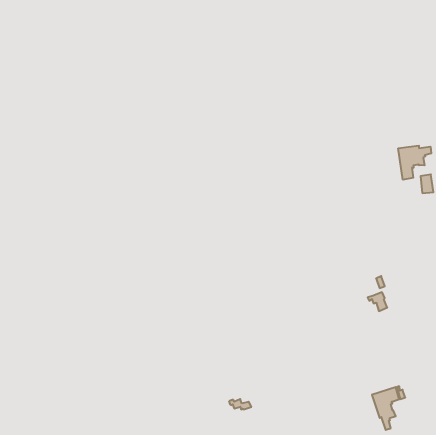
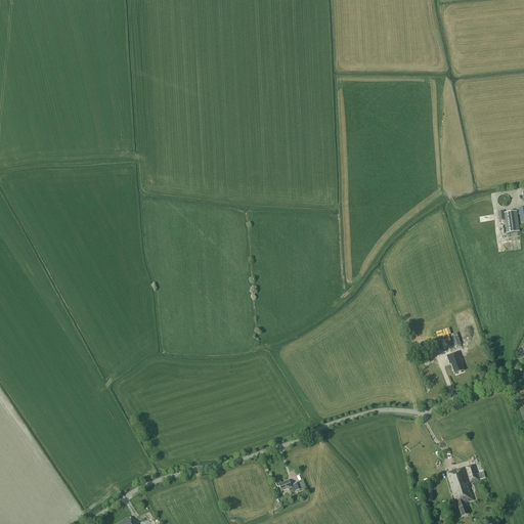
building: [398,146,431,180] -> none

